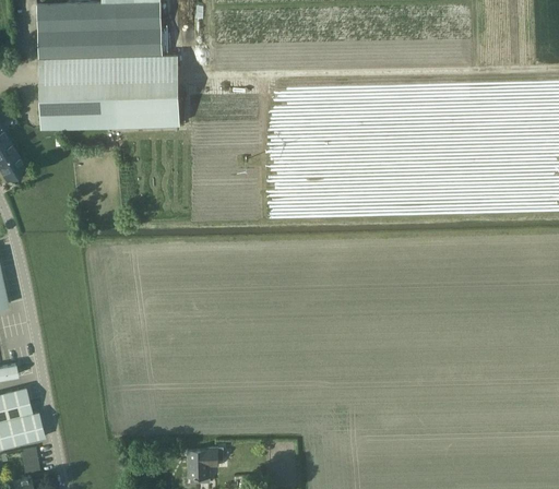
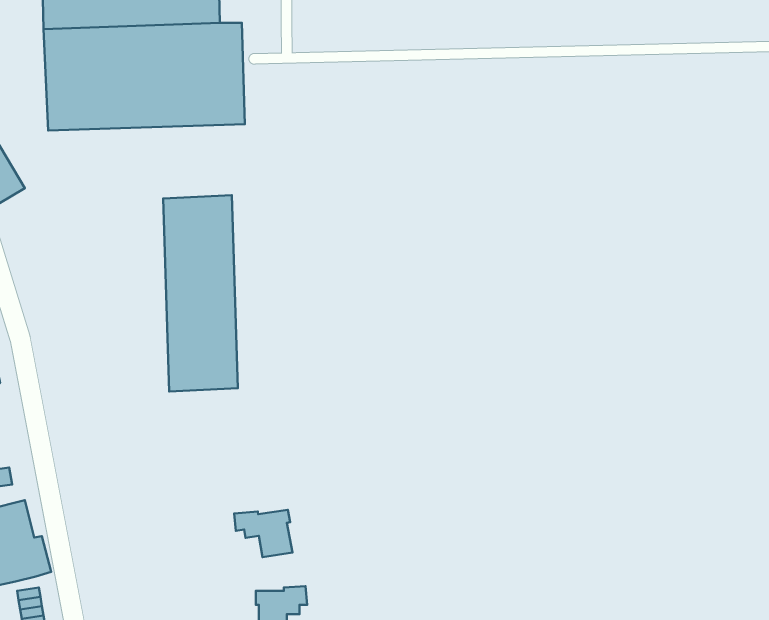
building: none -> [163,195,238,392]
building: none -> [234,510,292,557]

